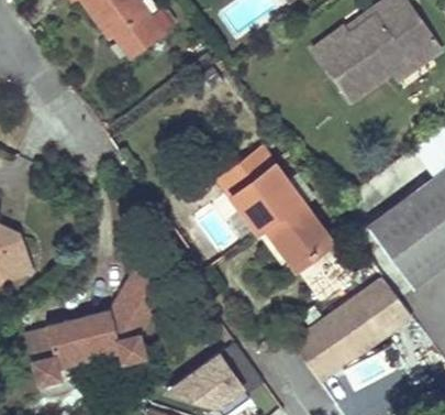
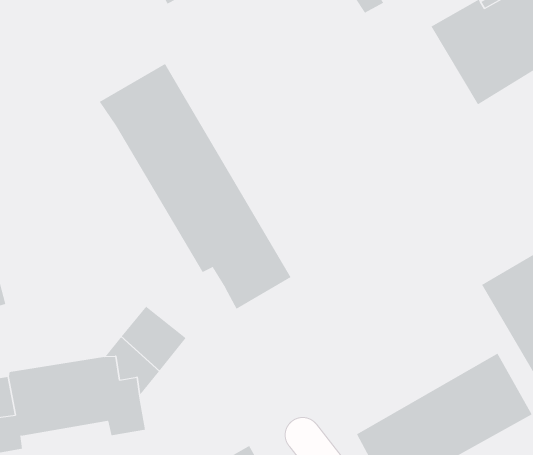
building: [209,132,356,299] -> [99,63,291,309]

